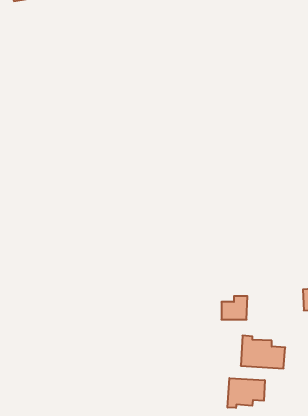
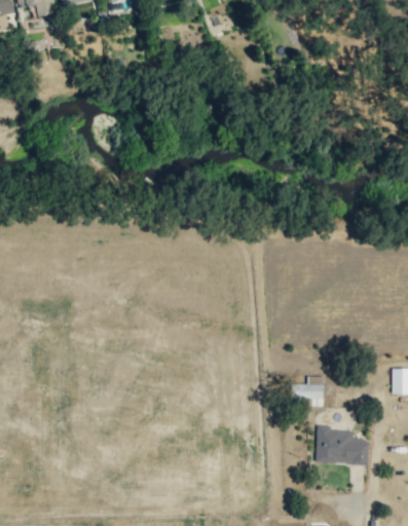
building: [228,378,265,408] -> none

